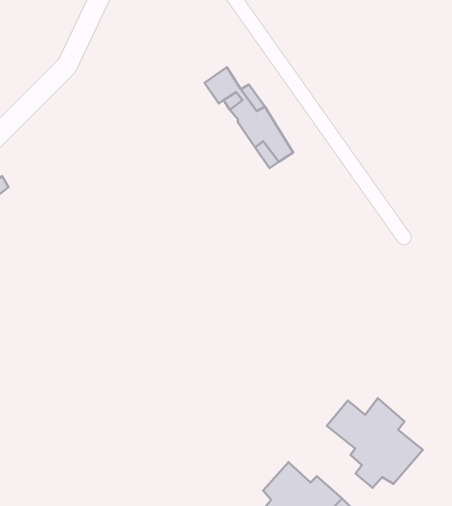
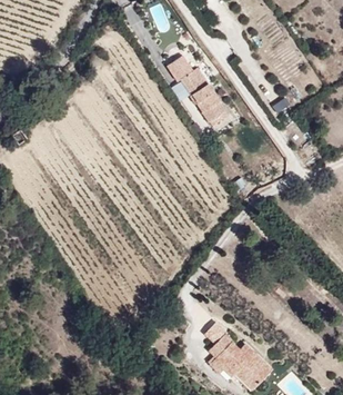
building: [327,398,423,488] -> none

